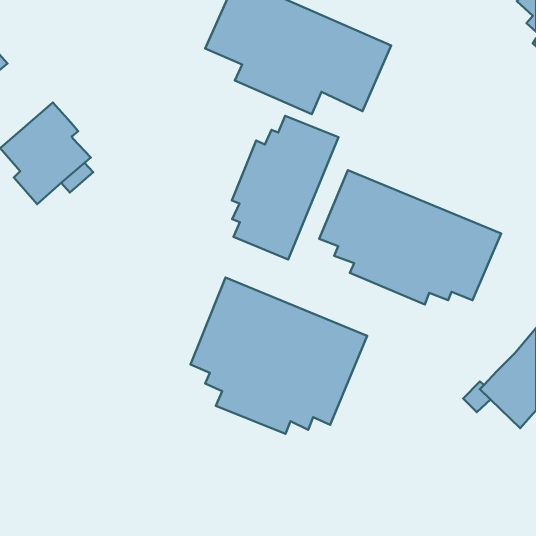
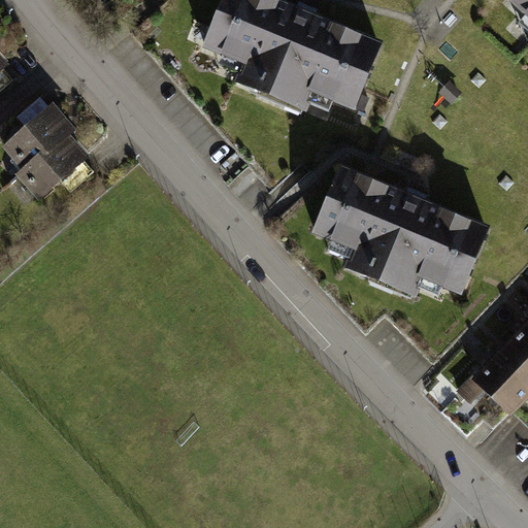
building: [232,116,339,259] -> none
building: [190,277,367,434] -> none

